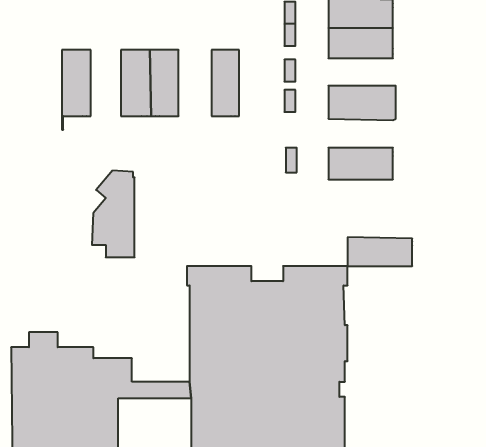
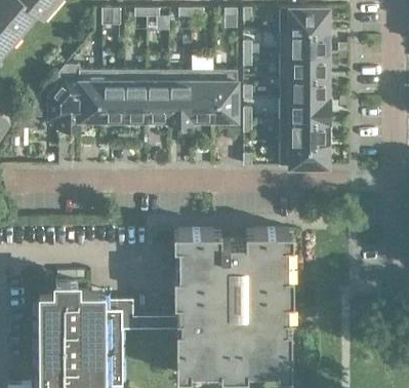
building: none -> [101,72,124,121]
building: none -> [167,72,192,122]
building: none -> [212,72,236,121]
building: none -> [279,78,327,99]
building: [92,171,135,257] -> [48,67,80,131]
building: [348,237,412,266] -> [279,123,327,145]

